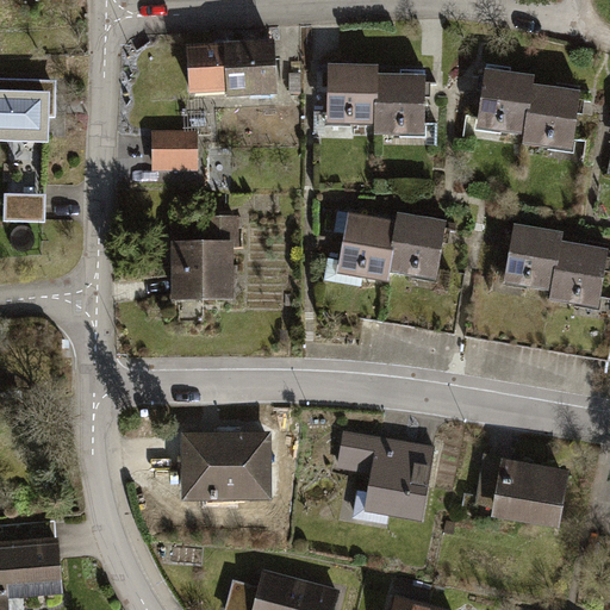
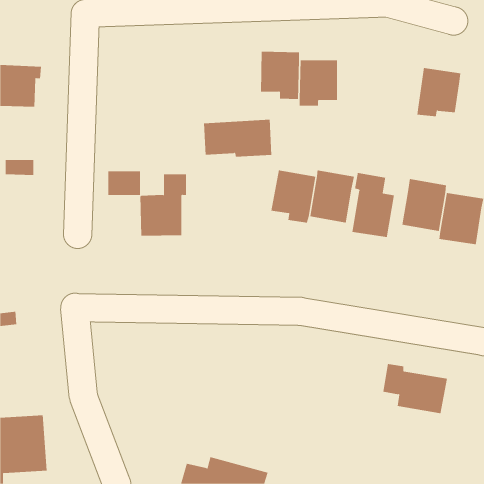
building: [188,44,275,92] -> [203,119,272,157]
building: [478,69,533,135] -> none
building: [154,133,195,164] -> [108,171,141,195]
building: none -> [352,172,395,238]
building: [185,434,268,497] -> none
building: [340,436,434,521] -> none

